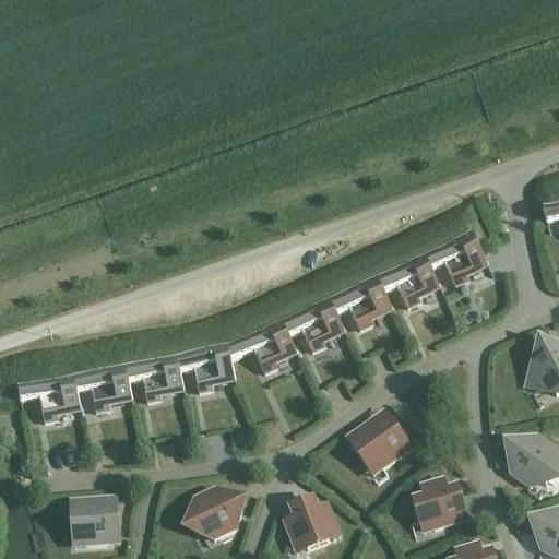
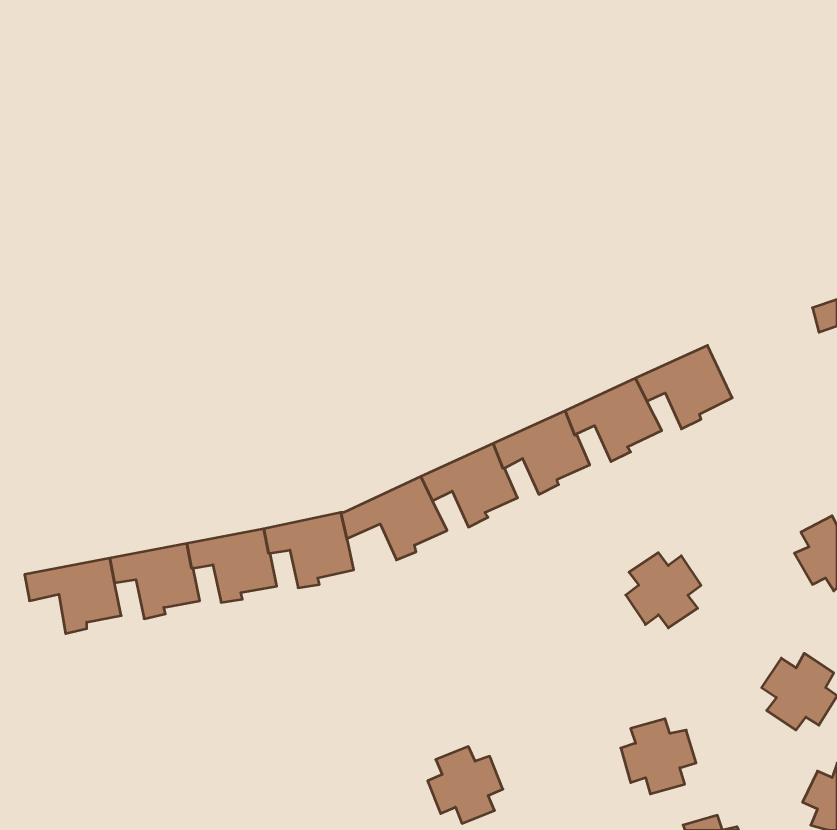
building: [354,418,404,468] -> [626,553,701,628]
building: [189,488,240,539] -> none
building: [71,498,119,545] -> none

